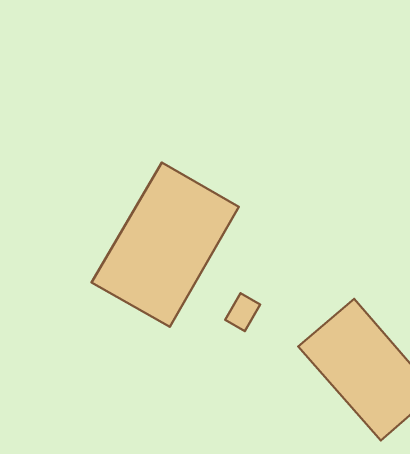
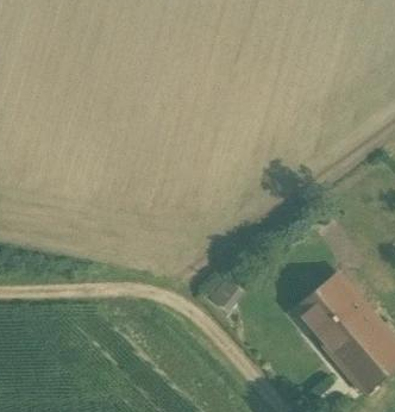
building: [91,162,239,327] -> none

